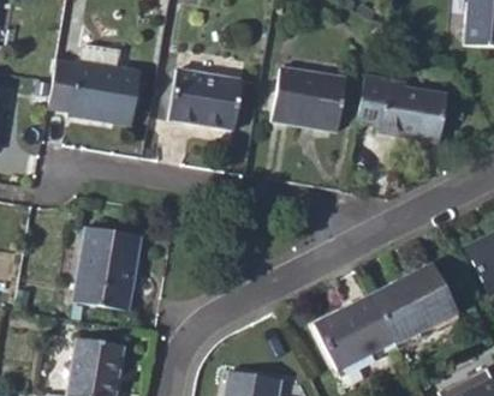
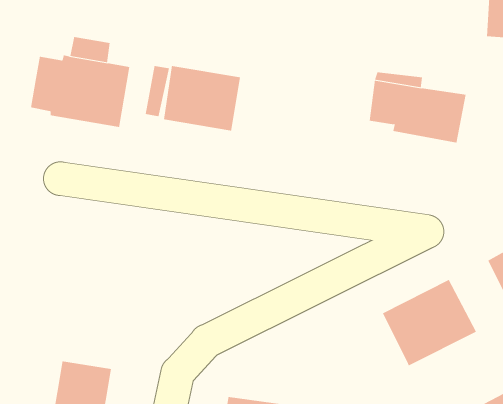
building: [272,68,345,131] -> none
building: [75,228,142,310] -> none
building: [315,295,393,368] -> none

